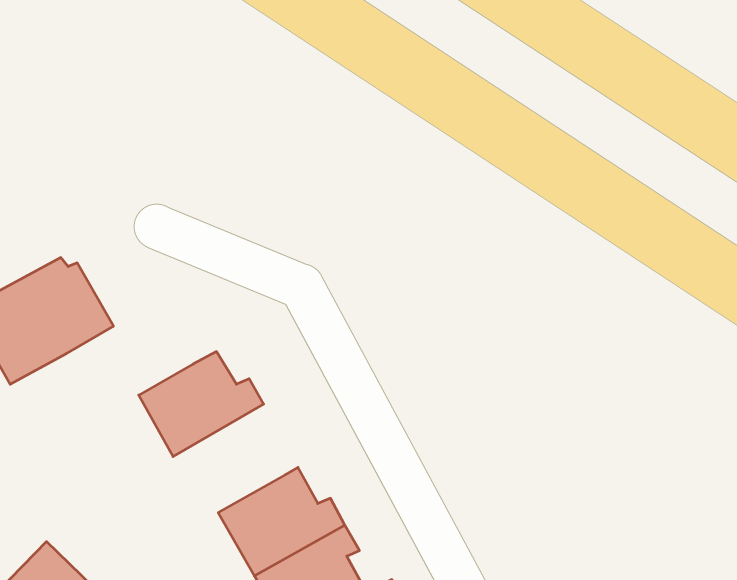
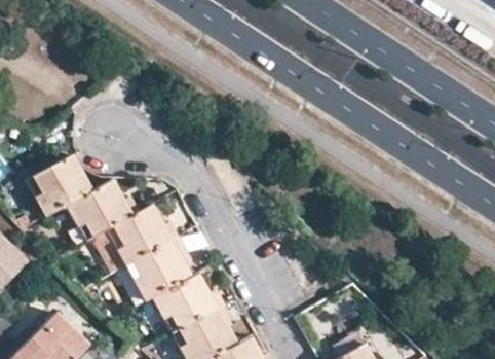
building: none -> [66,183,138,243]
building: none -> [126,238,190,302]

